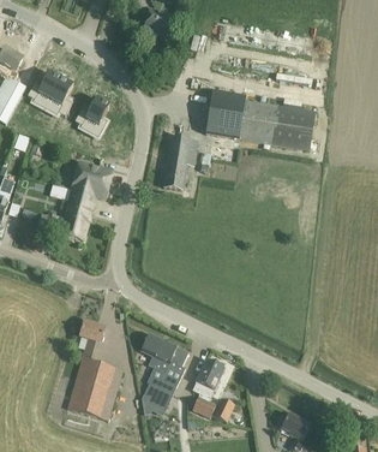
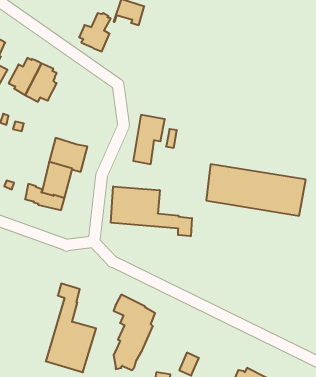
building: [206,94,316,150] -> [206,164,306,216]
building: [77,97,112,139] -> [79,13,111,51]
building: none -> [111,186,192,236]
building: [193,359,223,417] -> none

